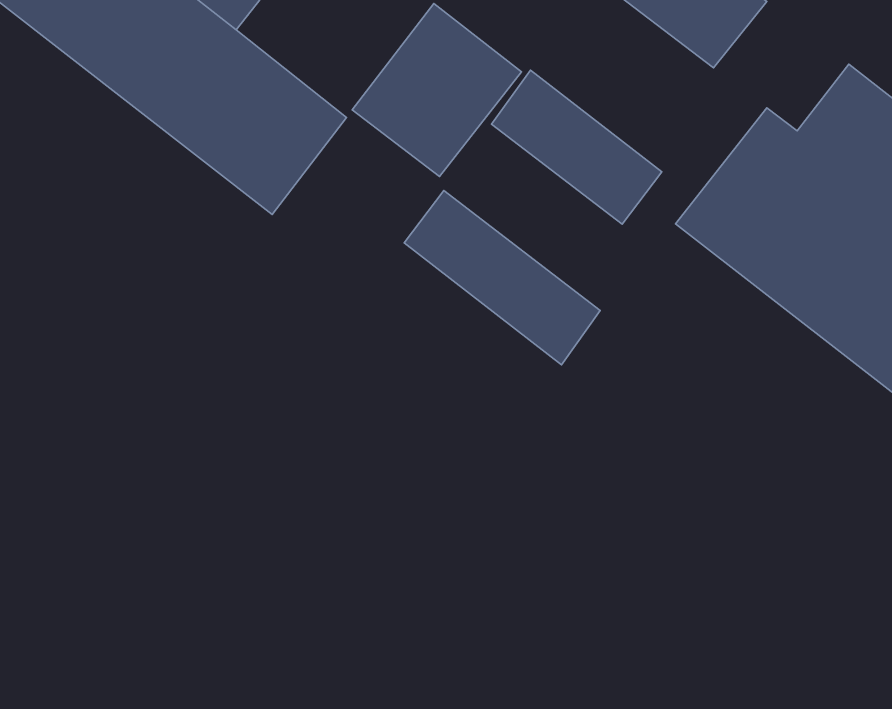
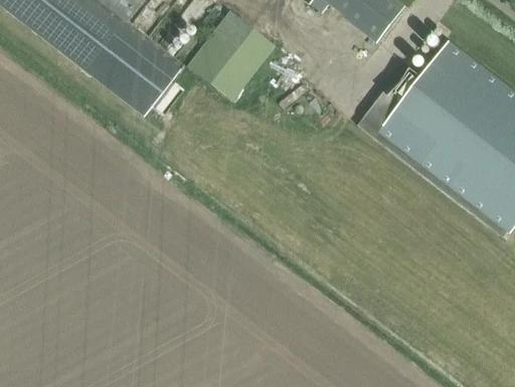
building: [492,70,662,224] -> none
building: [404,191,600,365] -> none

